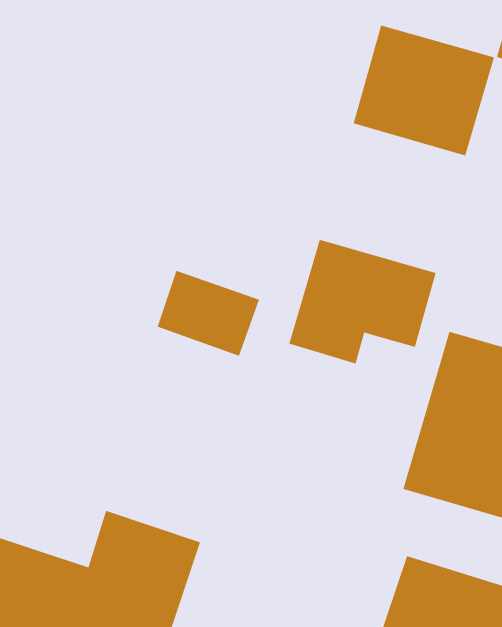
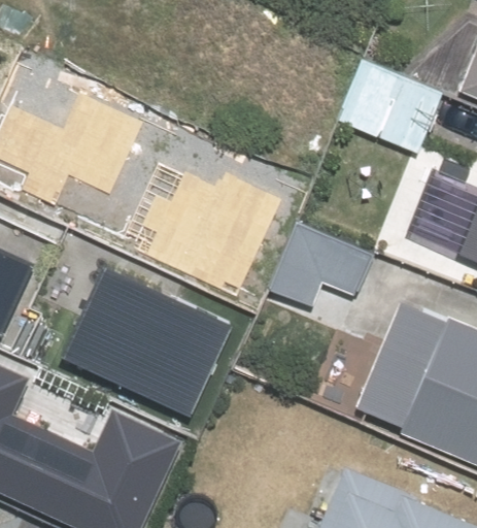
building: none -> [65,259,236,408]

